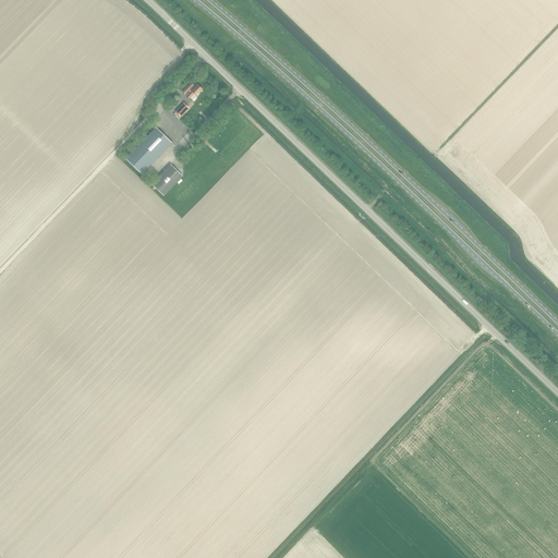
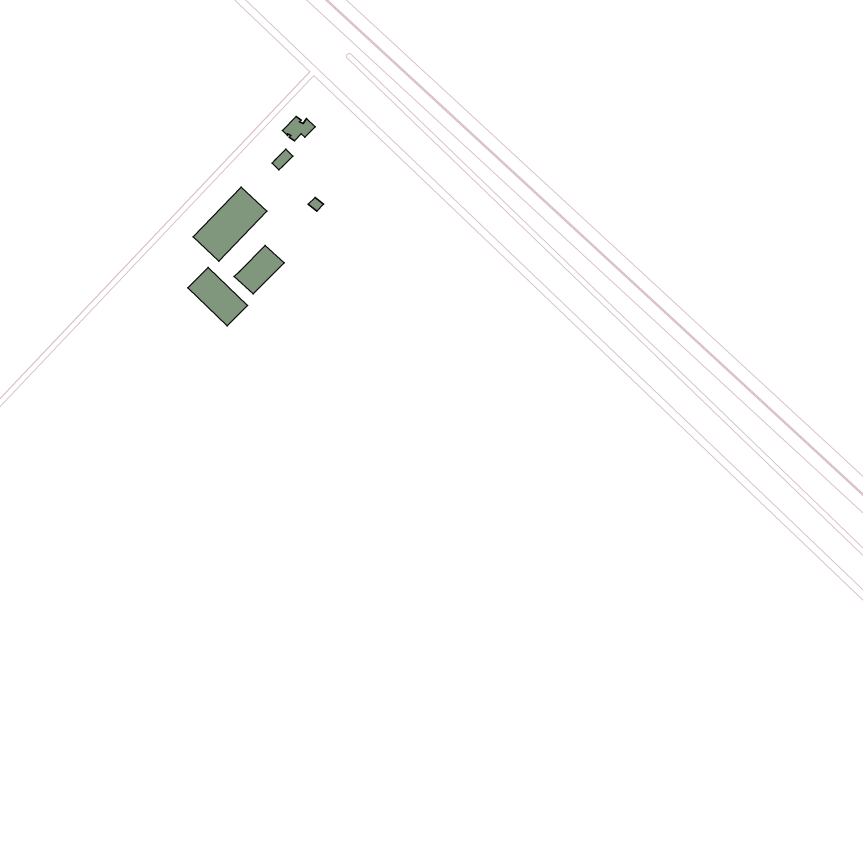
building: none -> [188,268,248,326]

